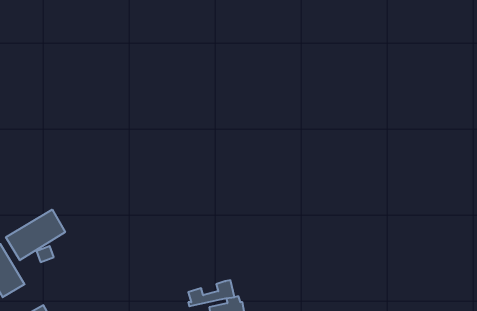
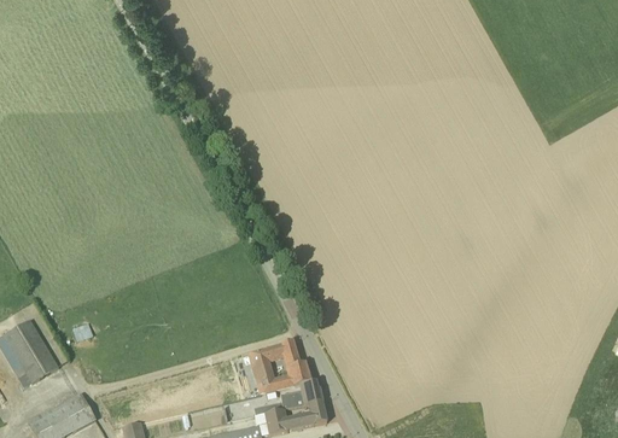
building: [6,210,65,260] -> none
building: none -> [249,341,299,378]

